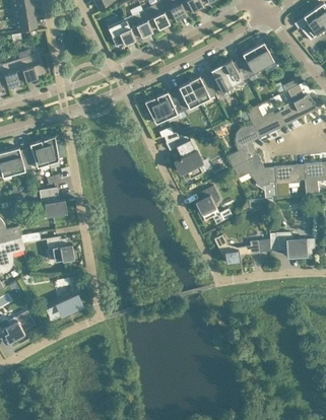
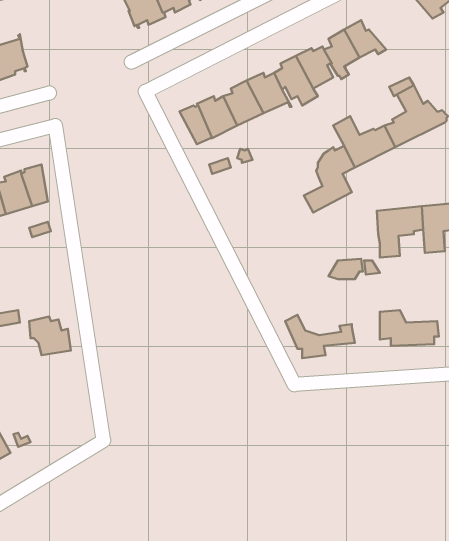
building: [175,139,202,179] -> none
building: [233,154,275,185] -> none
building: [196,185,223,224] -> none
building: [39,187,67,215] -> none
building: [46,276,82,319] -> none

